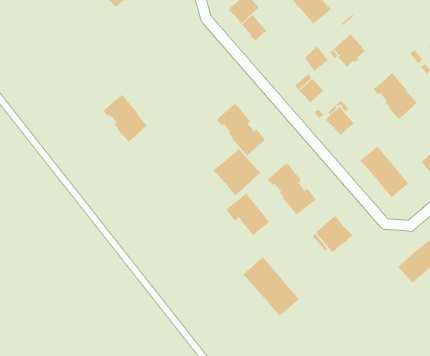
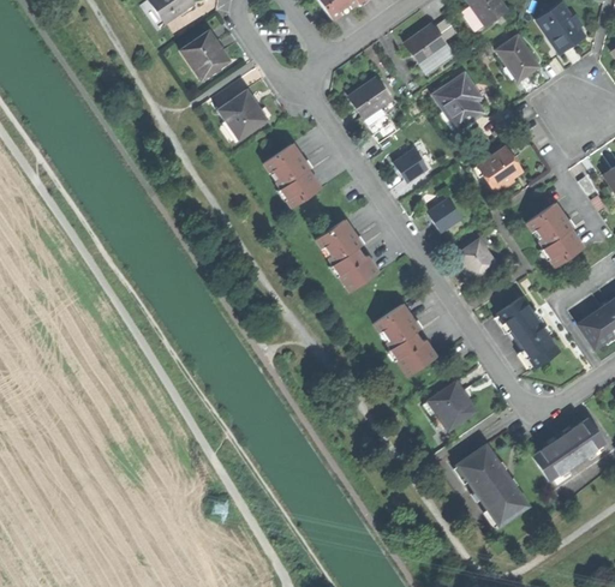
building: none -> [219,88,268,138]
building: [304,46,329,72] -> [395,148,428,181]
building: [103,94,148,143] -> [264,142,321,206]
building: [213,148,261,196] -> none
building: [225,192,270,237] -> none
building: [243,256,300,316] -> [456,444,527,525]

